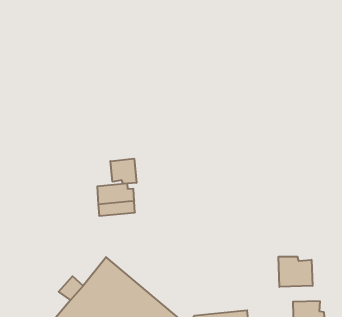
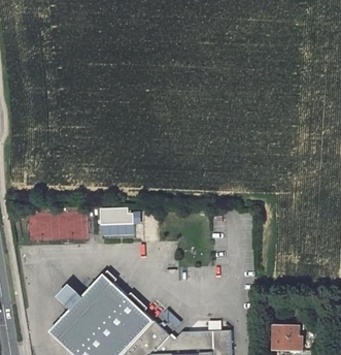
building: [110,159,136,184] -> none
building: [279,257,312,287] -> none

